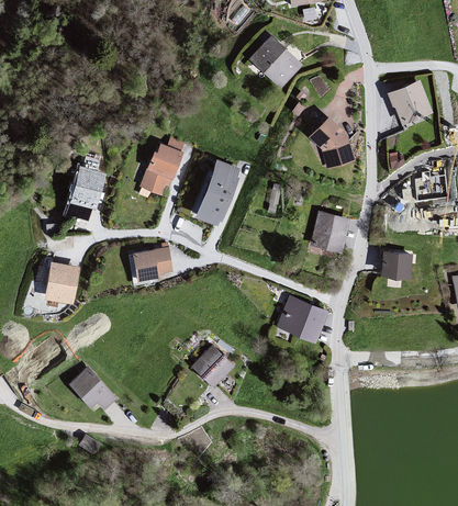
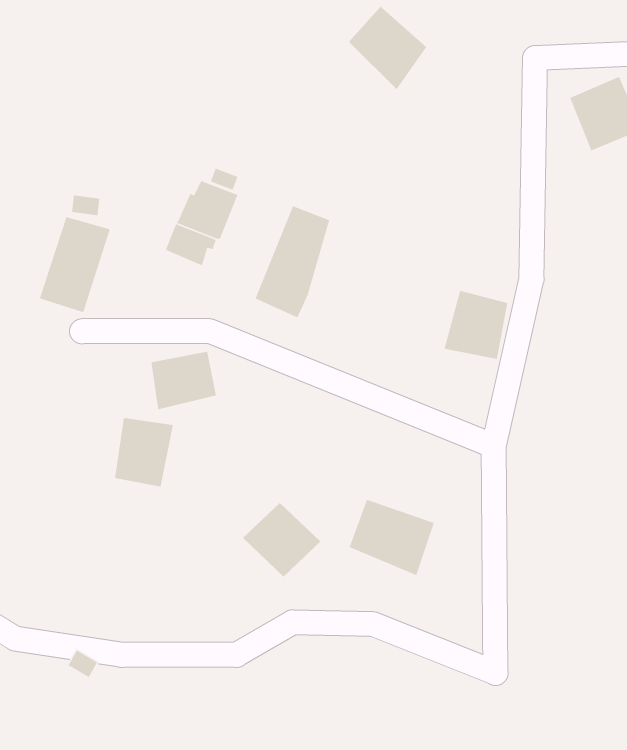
building: [309,116,353,169] -> none
building: [381,250,414,280] -> none
building: [44,263,80,306] -> [114,417,174,487]
building: [276,295,328,342] -> [349,499,435,576]
building: [70,368,116,408] -> none

